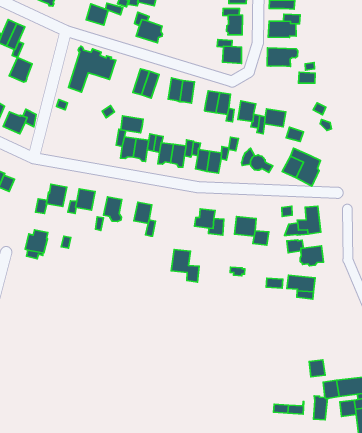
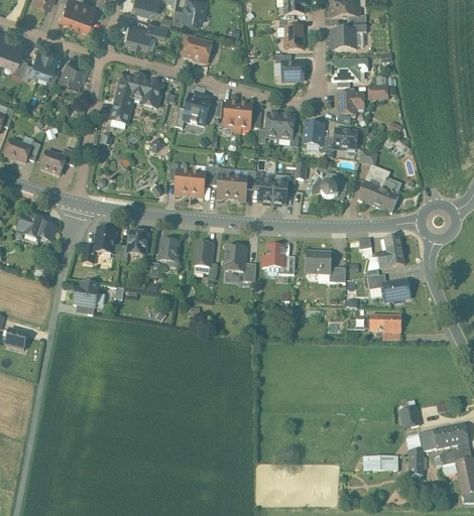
building: [9,58,32,82] -> [60,61,85,89]
building: none -> [336,92,363,116]
building: [121,116,143,133] -> none
building: [171,249,199,282] -> [225,246,256,281]

